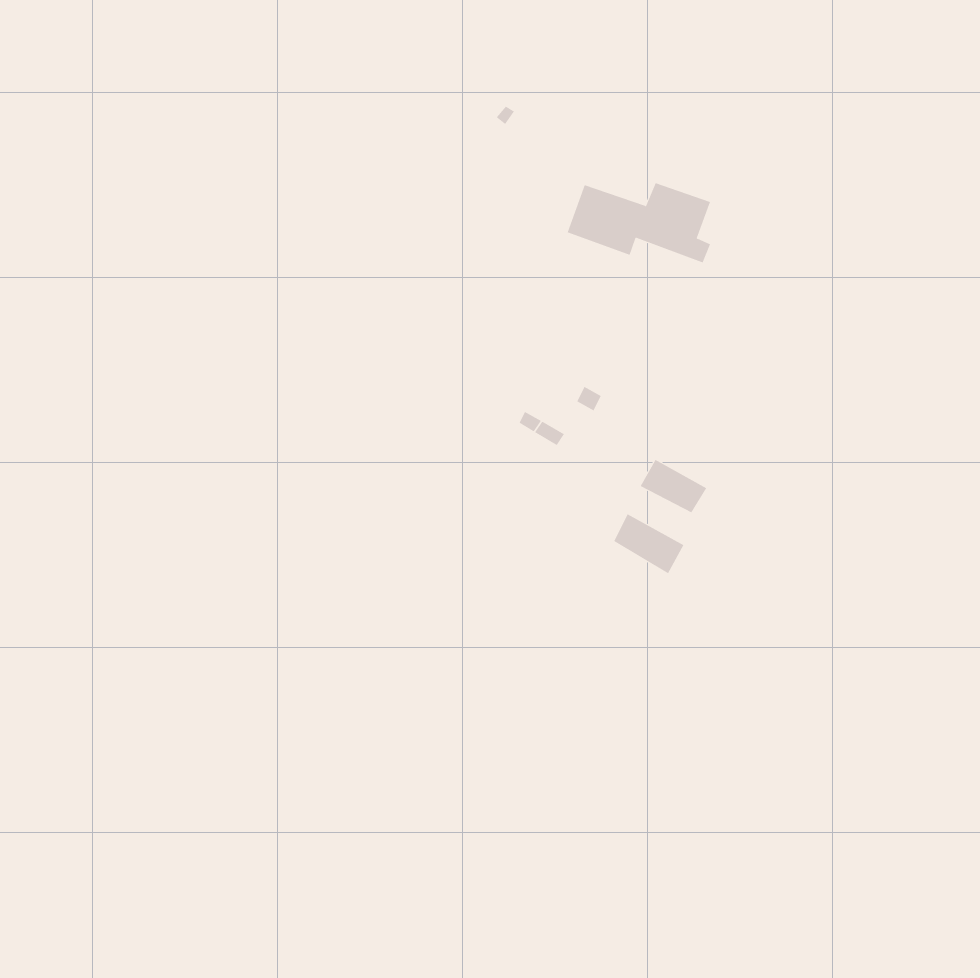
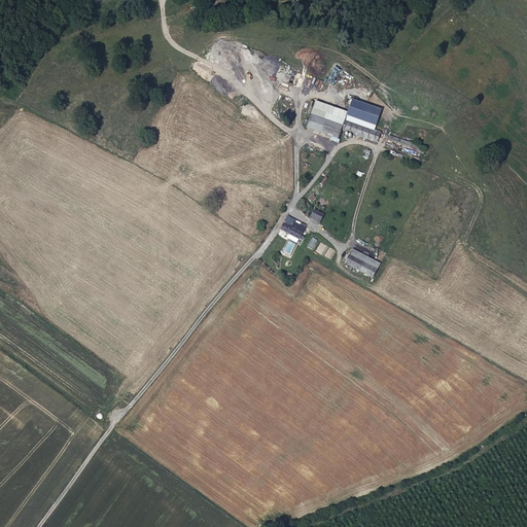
building: [613,513,684,574] -> none

